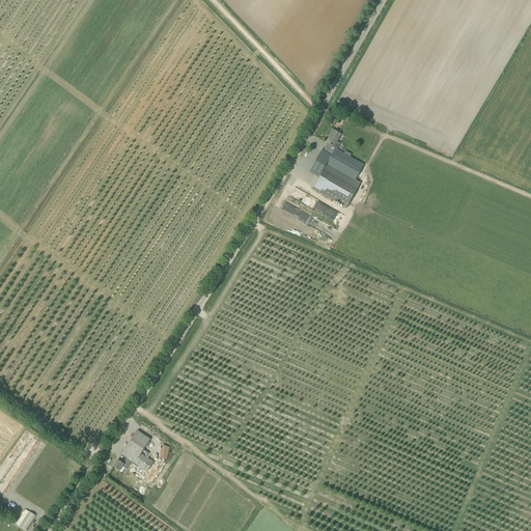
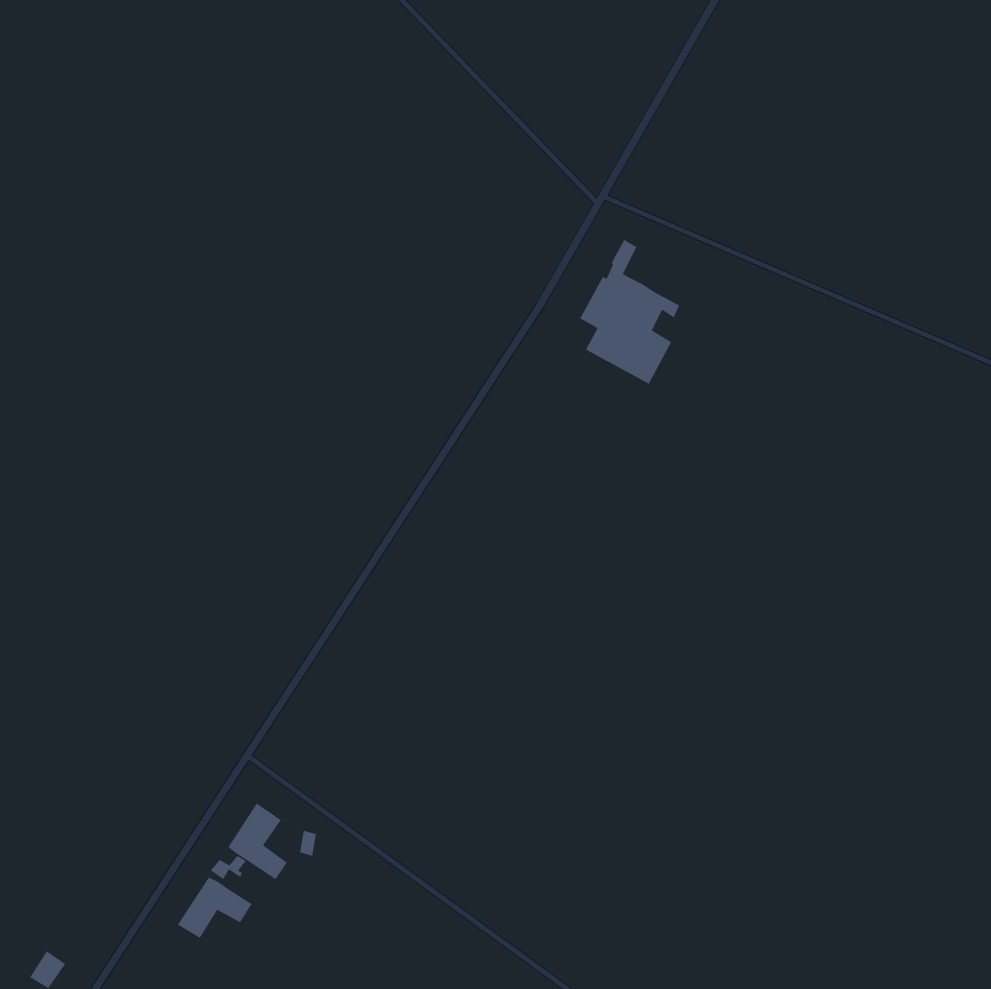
building: none -> [177,876,253,939]

